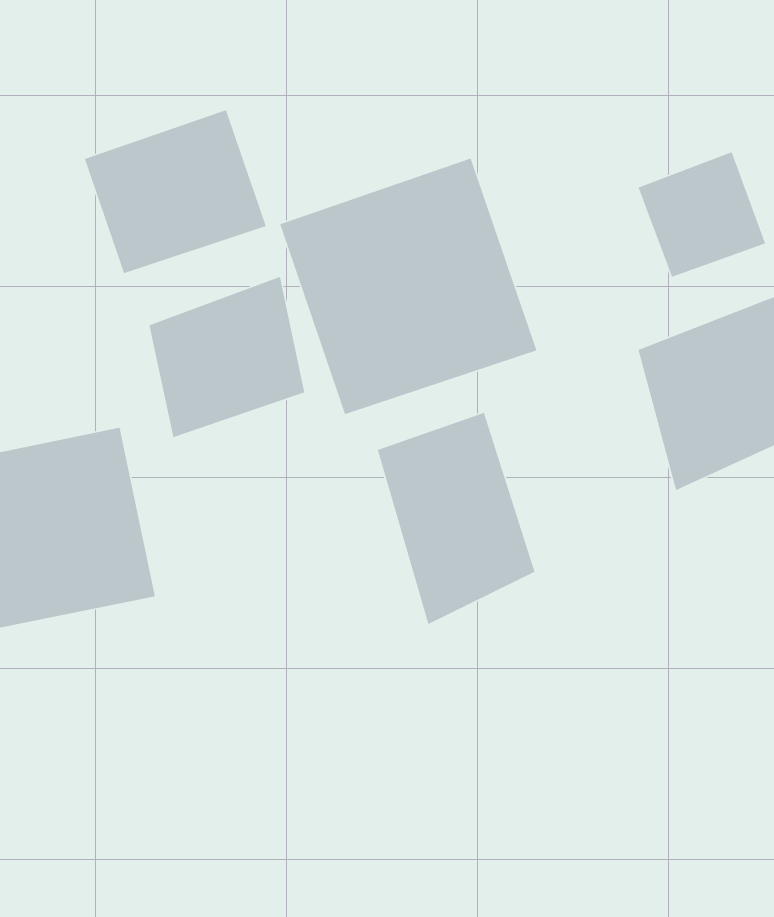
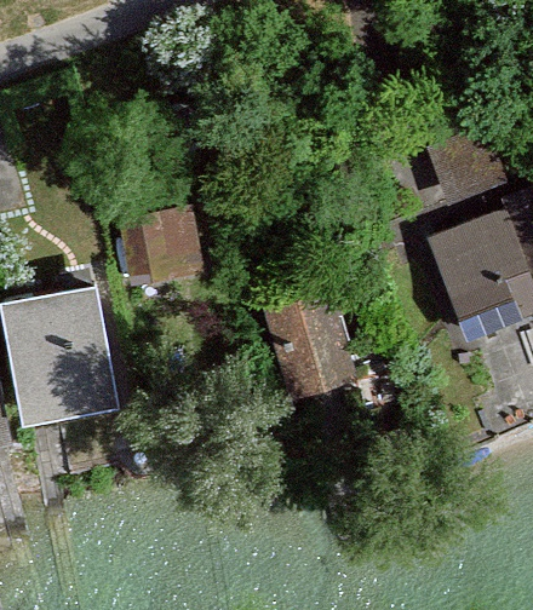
building: [84,109,267,274] -> none
building: [279,157,538,415] -> none

